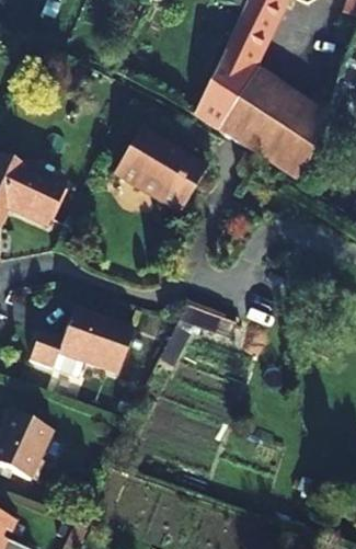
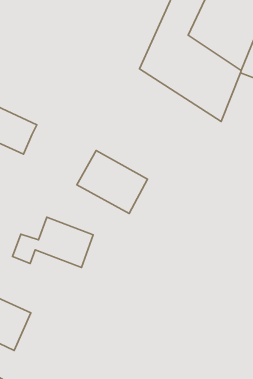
building: [113,129,205,211] -> [77,151,148,213]

